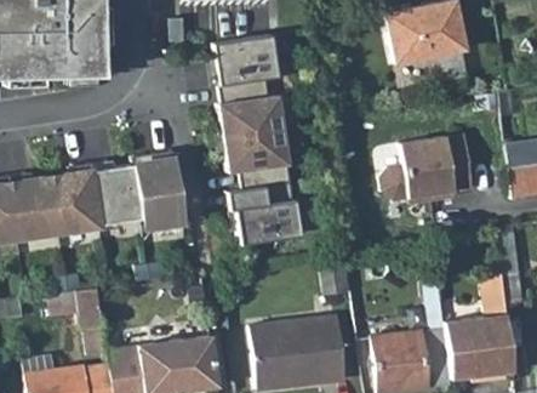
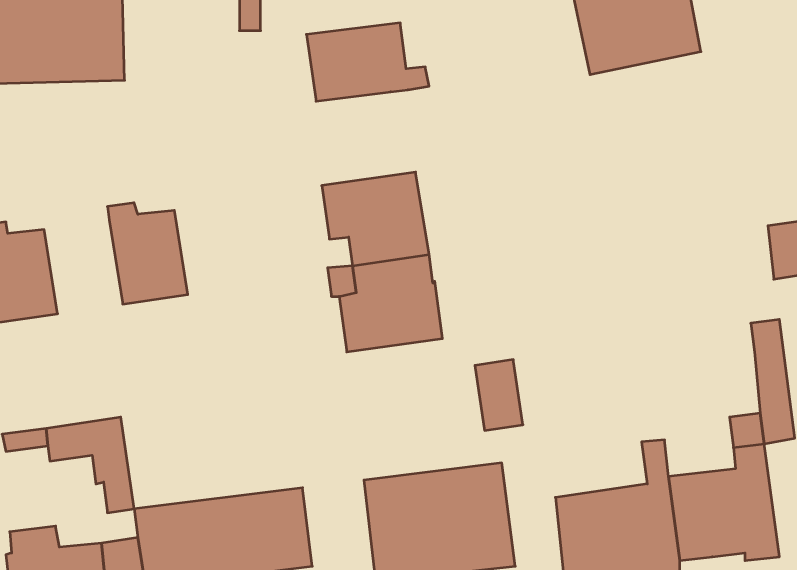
building: [223,82,287,142] -> none
building: [383,136,476,205] -> none
building: [135,152,187,227] -> none
building: [52,155,102,223] -> none

